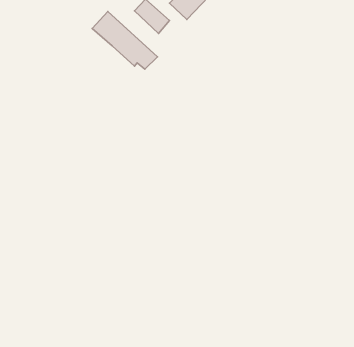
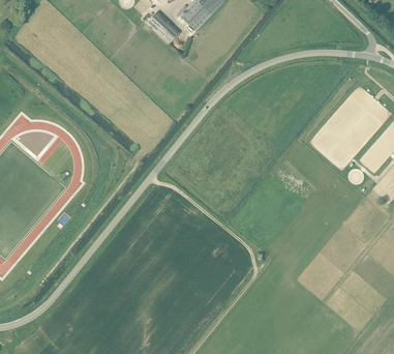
building: [92,12,158,69] -> none

